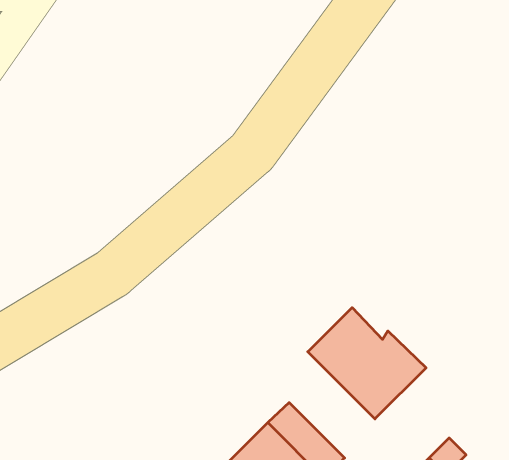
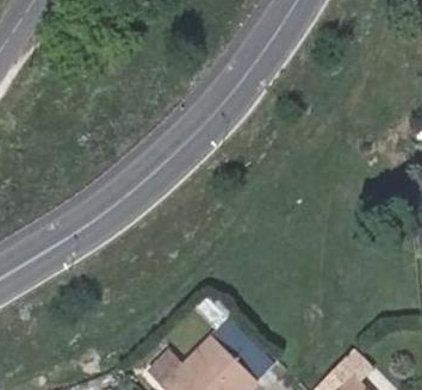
building: [308,308,426,419] -> none

